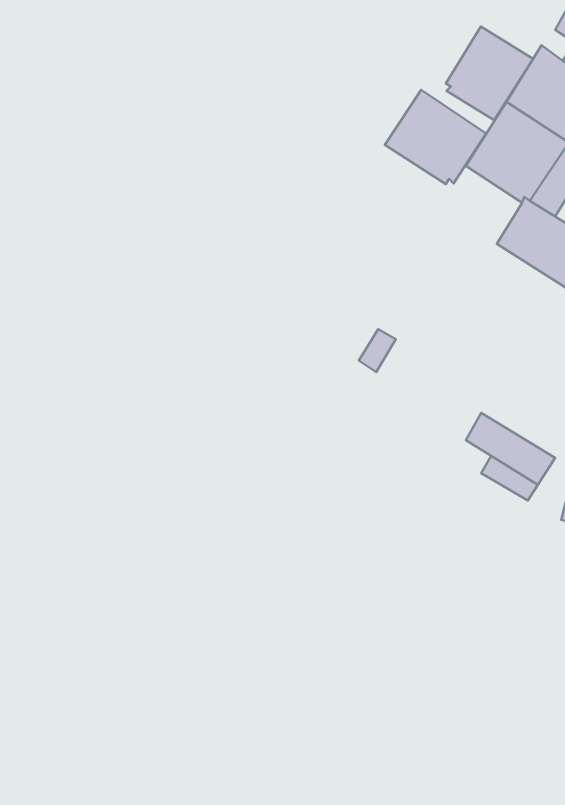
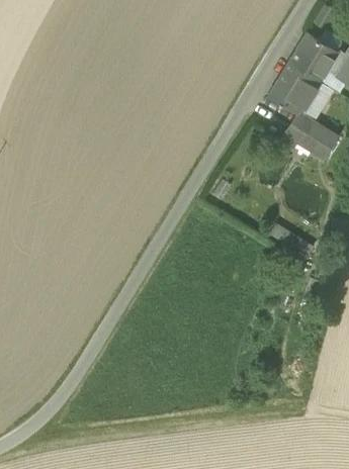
building: [446,26,533,120] -> none
building: [385,90,486,184] -> none

